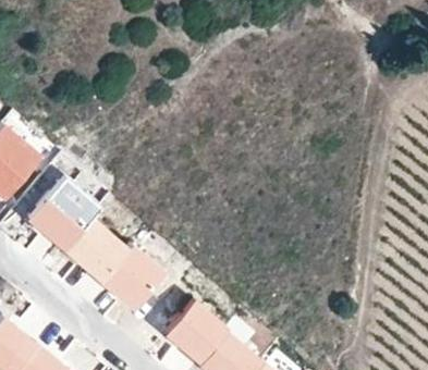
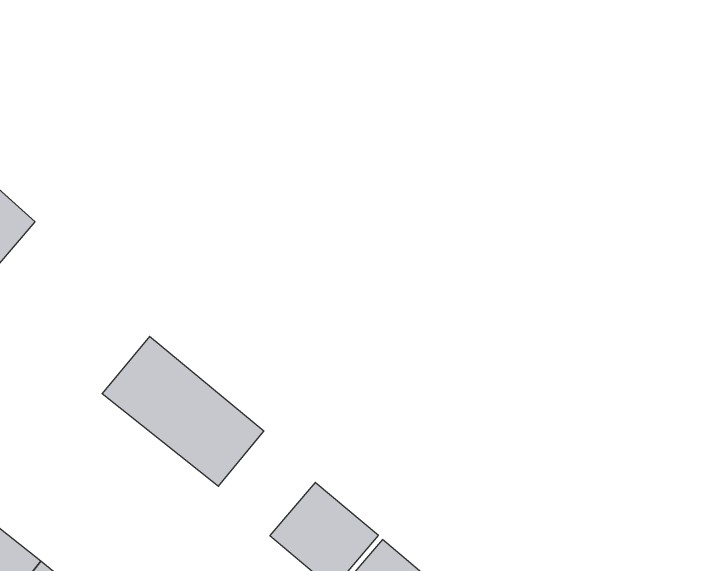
building: [24,177,93,245] -> none

